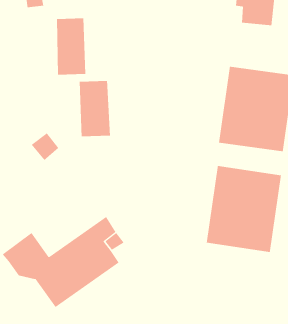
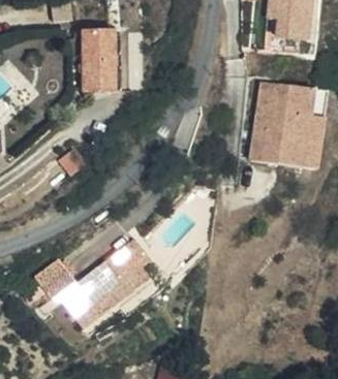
building: [79,80,110,137] -> none
building: [206,165,281,253] -> none

